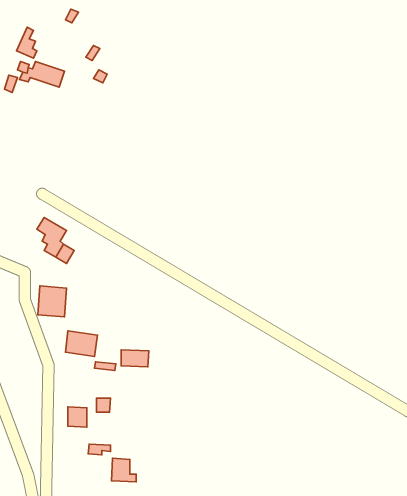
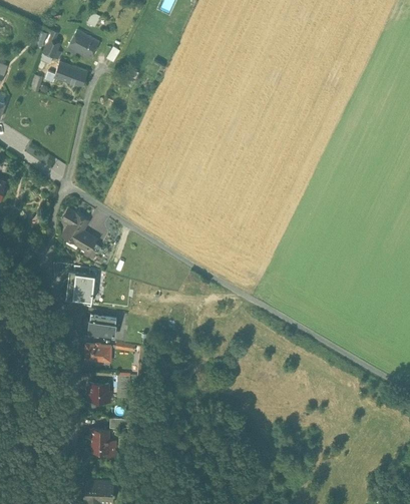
building: none -> [68,30,99,59]
building: [121,350,149,367] -> [85,348,111,364]
building: [112,458,136,482] -> [91,432,114,454]

